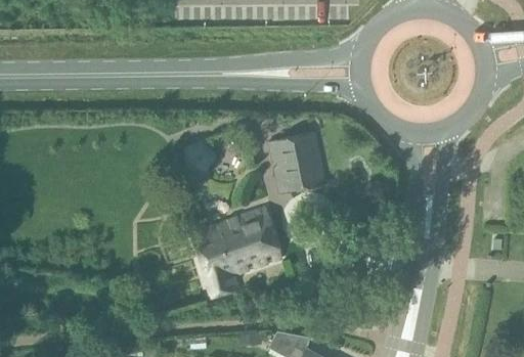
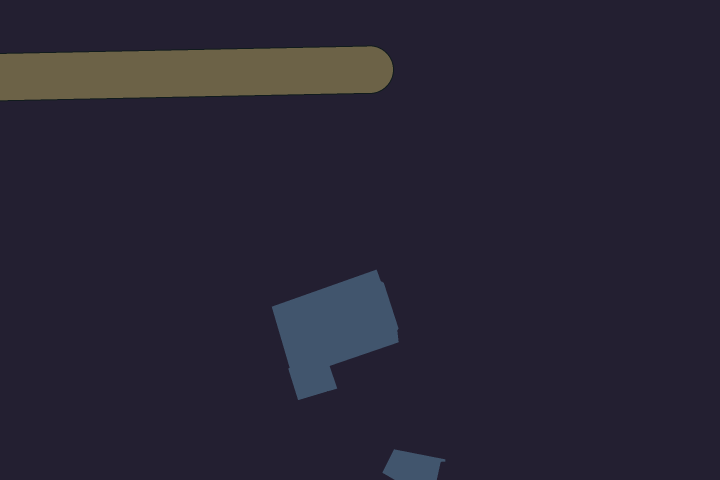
building: [269,130,328,193] -> none

